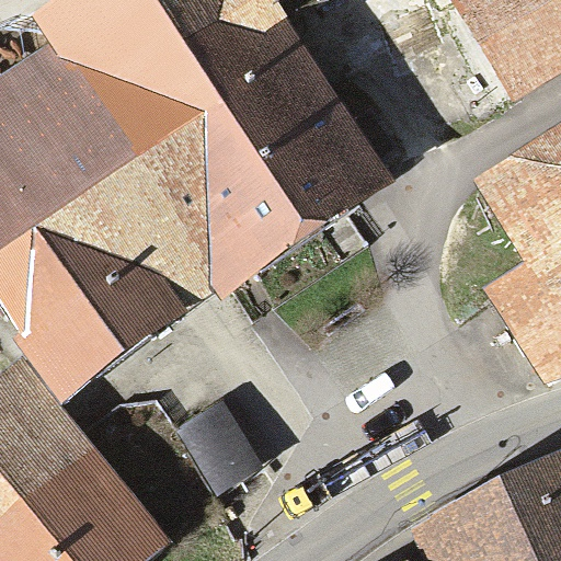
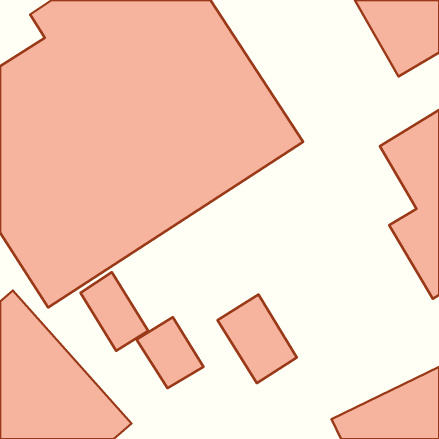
building: none -> [80,272,148,351]
building: none -> [218,295,297,383]

